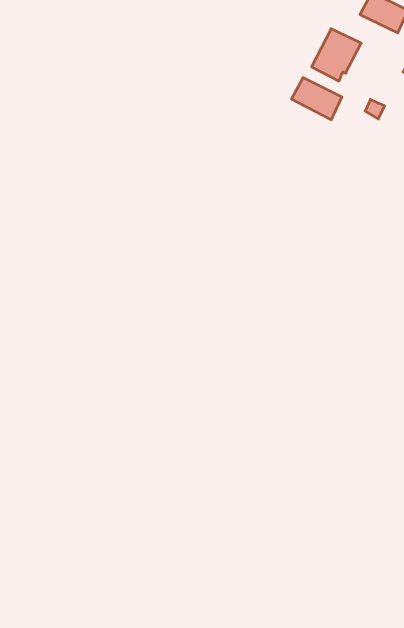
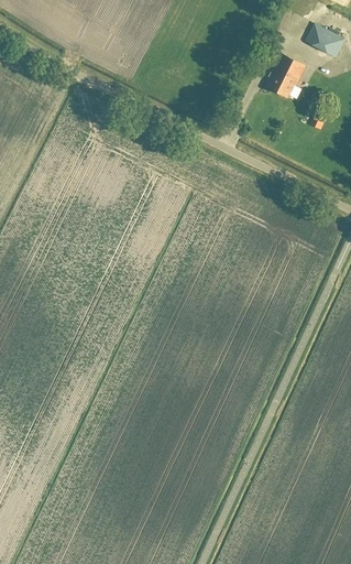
building: [292,78,342,120] -> none

